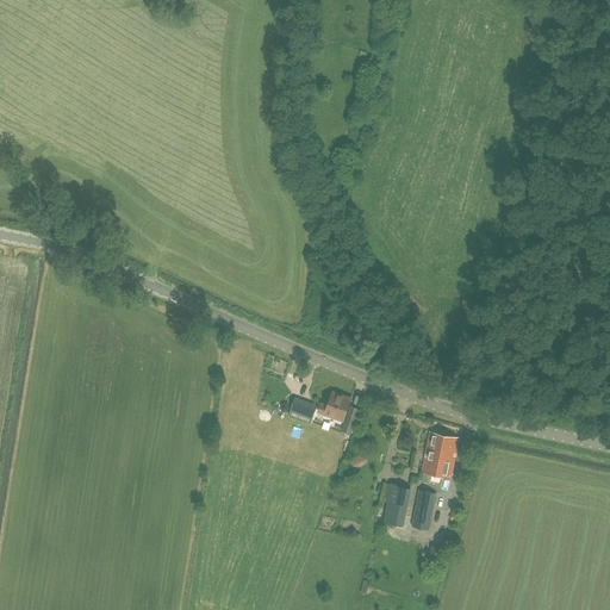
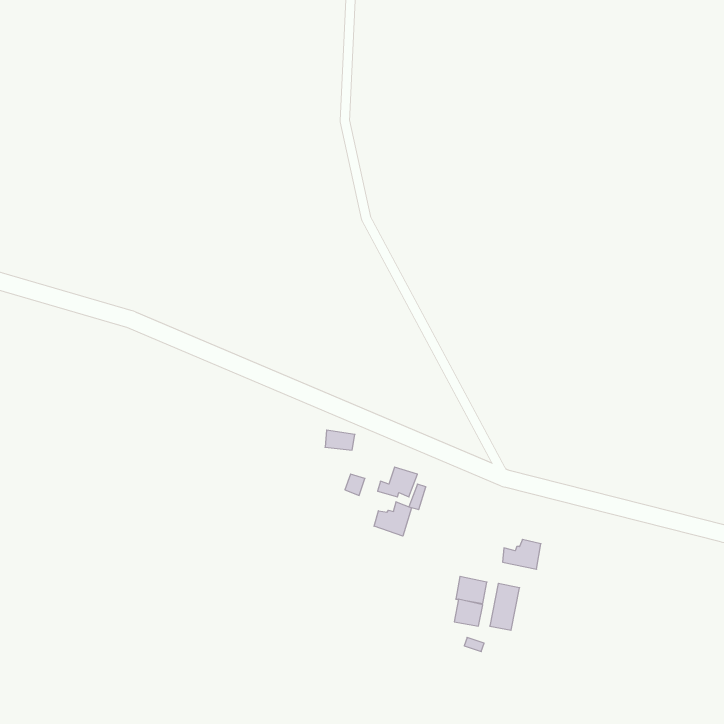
building: none -> [374,502,412,536]
building: [423,432,459,463] -> none

